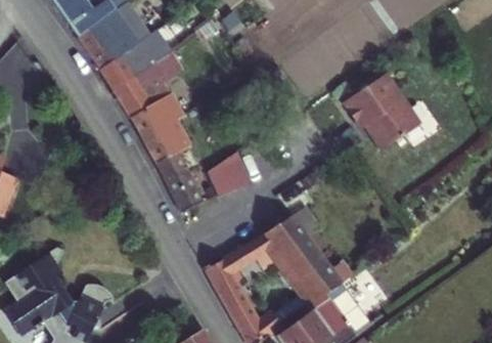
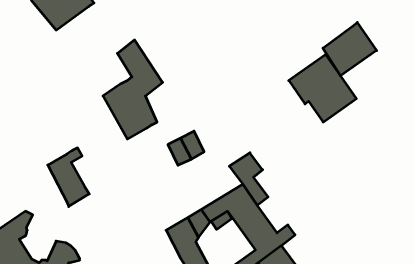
building: [80,14,171,116] -> none
building: none -> [323,22,377,76]
building: [161,145,208,212] -> [48,148,89,207]

